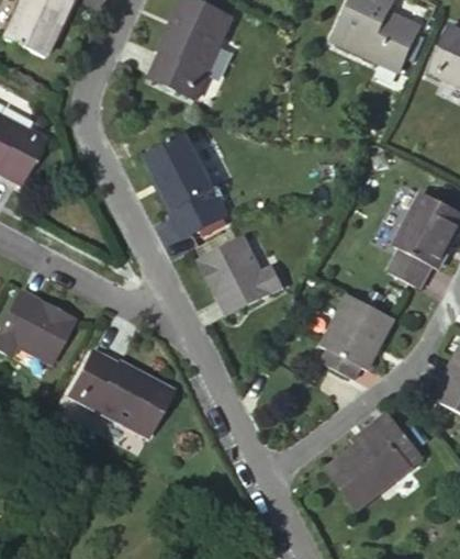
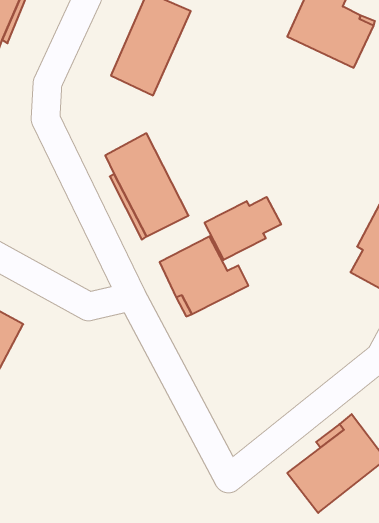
building: none -> [205,197,281,260]
building: [323,293,395,379] -> none
building: [61,349,164,433] -> none

